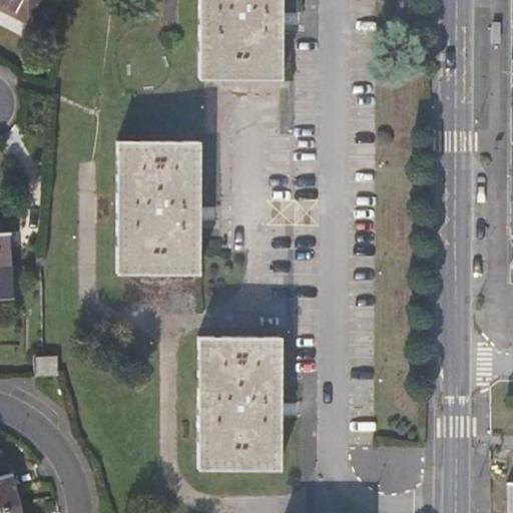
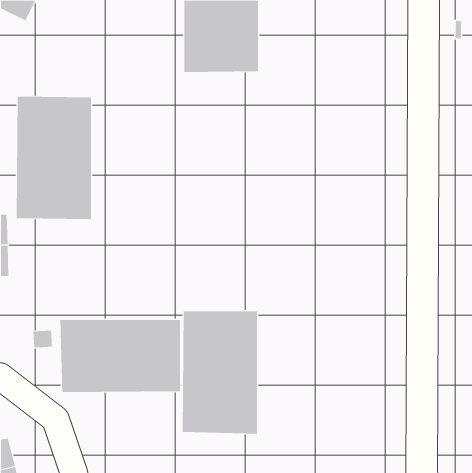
building: [117,141,199,275] -> [16,96,92,220]
building: none -> [60,319,180,393]

